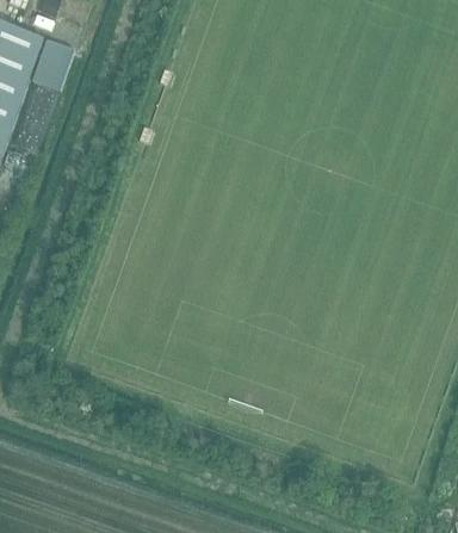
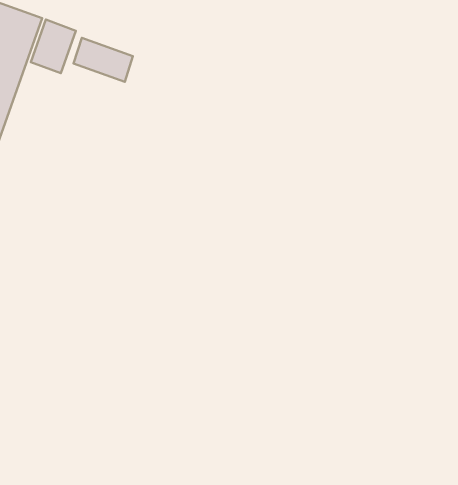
building: none -> [74,38,133,82]

